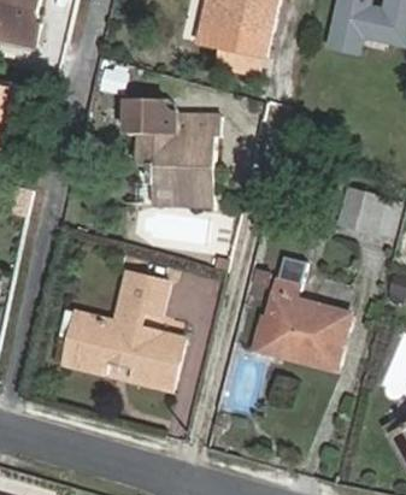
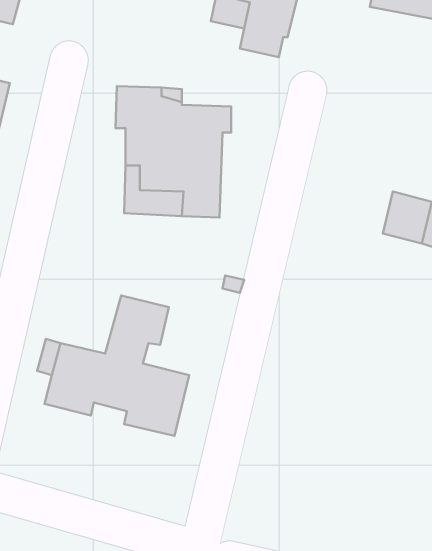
building: [260,253,353,367] -> none

